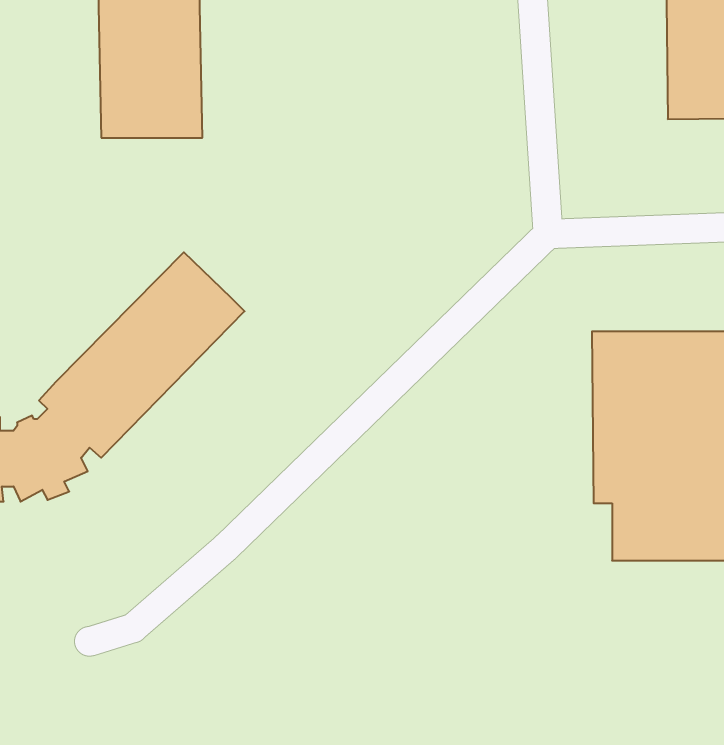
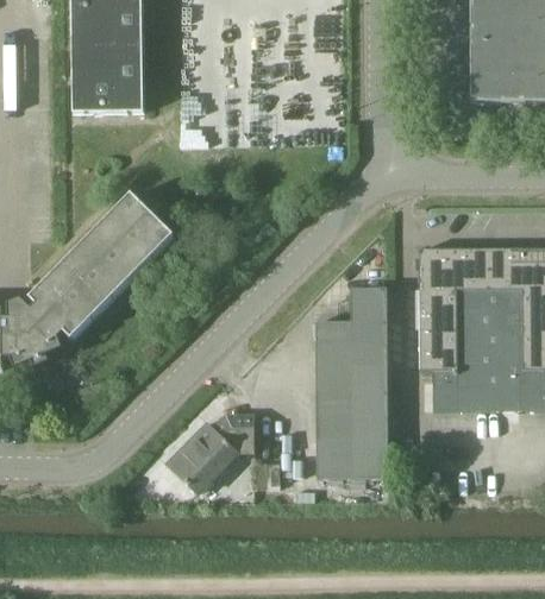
building: none -> [315,288,388,477]
building: none -> [167,414,253,492]

